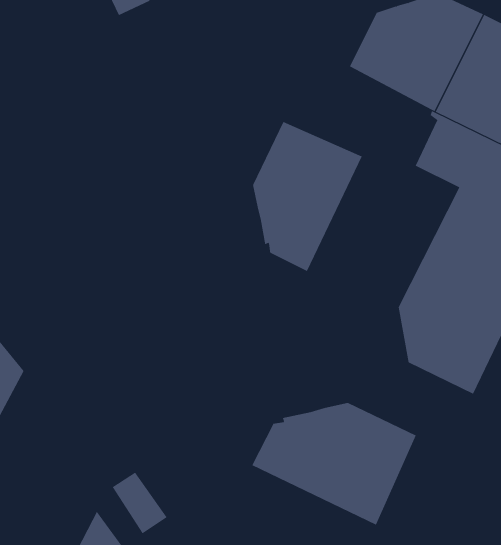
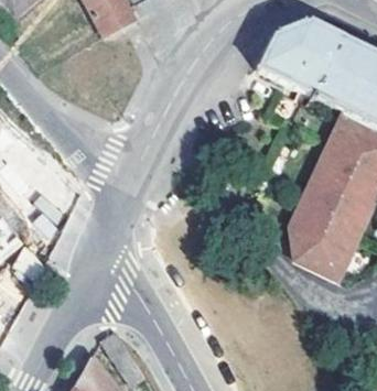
building: [253,121,363,272] -> none
building: [252,402,416,525] -> none

